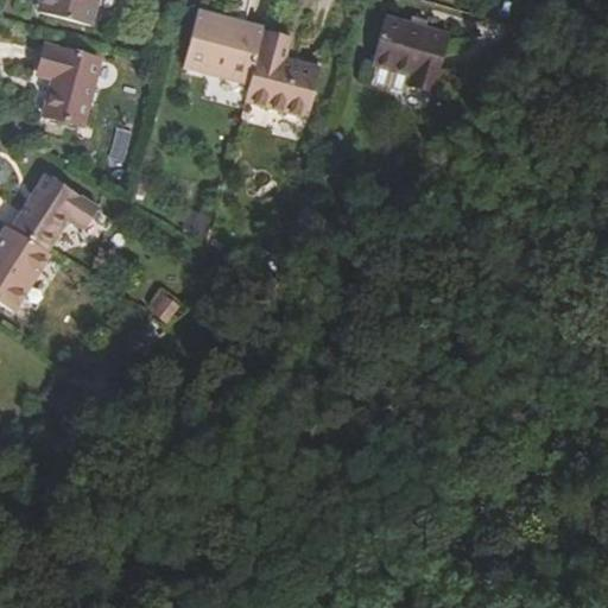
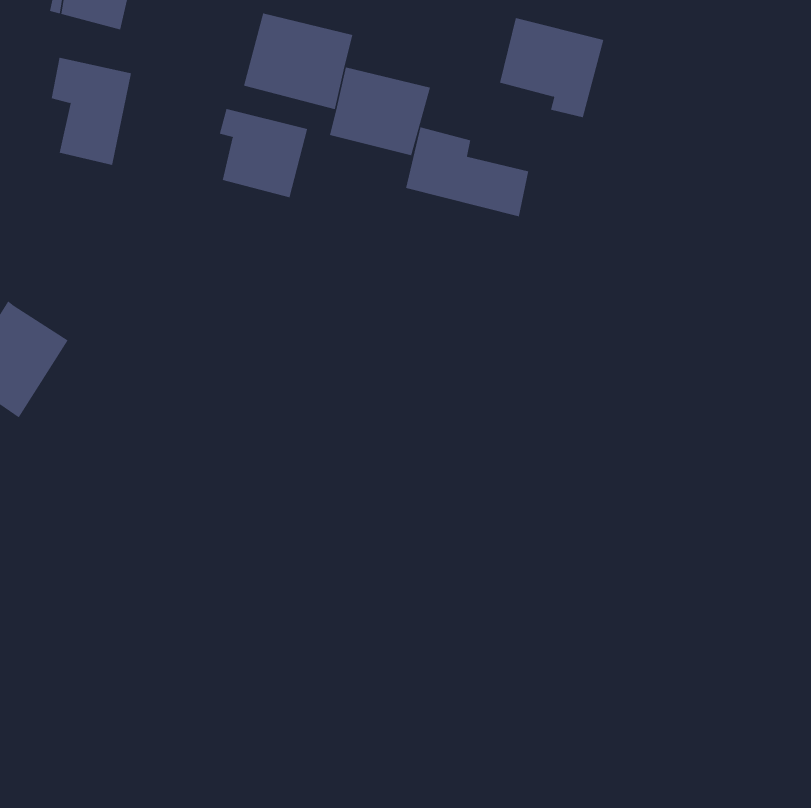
building: none -> [219,108,308,198]
building: none -> [405,127,529,217]
building: [11,173,100,252] -> none

